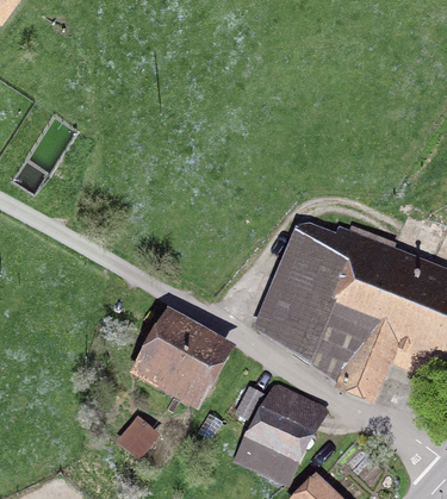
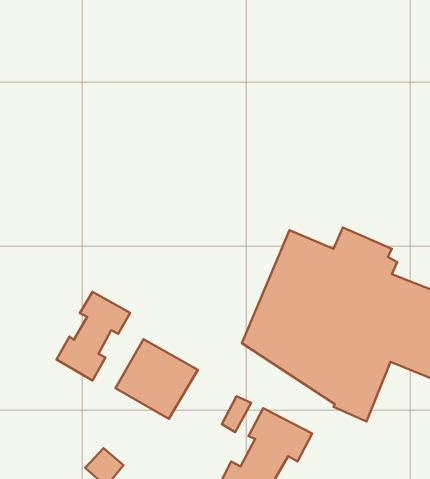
building: none -> [57,292,130,380]

